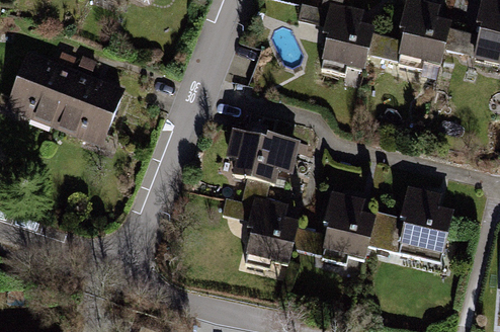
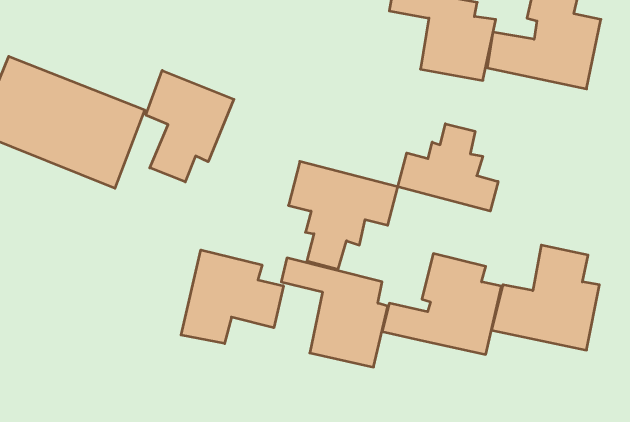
building: none -> [146,70,234,182]
building: none -> [398,124,498,211]
building: none -> [181,250,283,344]

